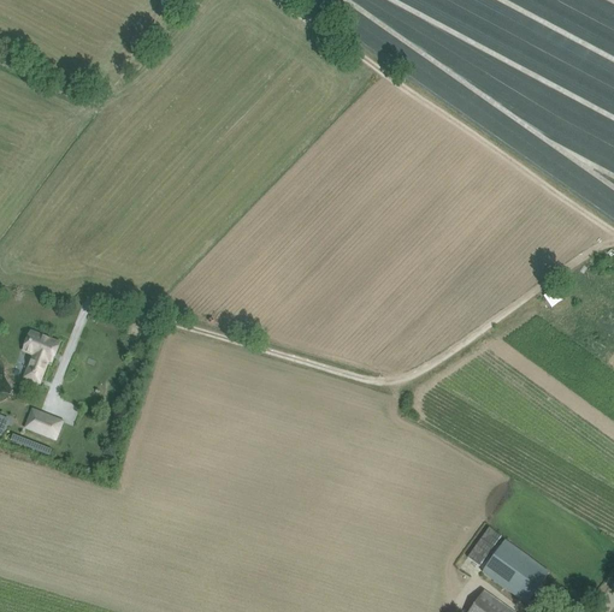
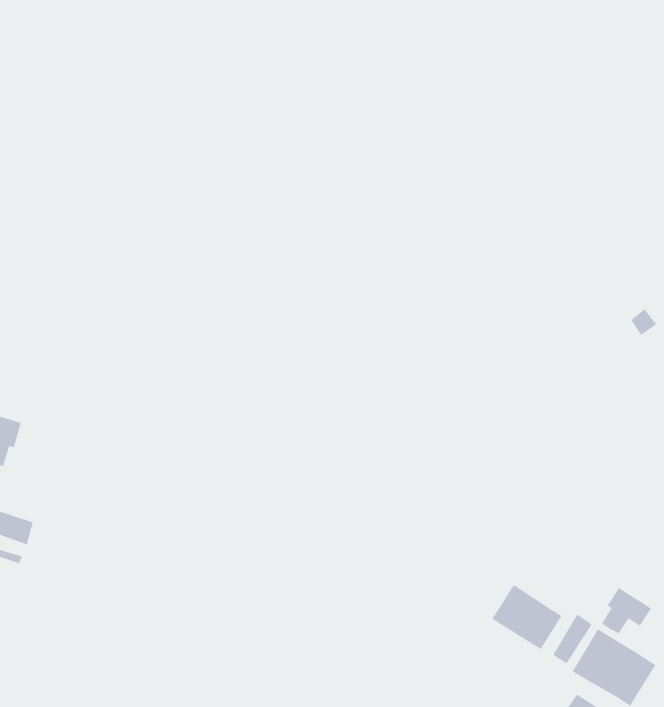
building: none -> [491,584,562,650]
building: none -> [601,587,652,635]

